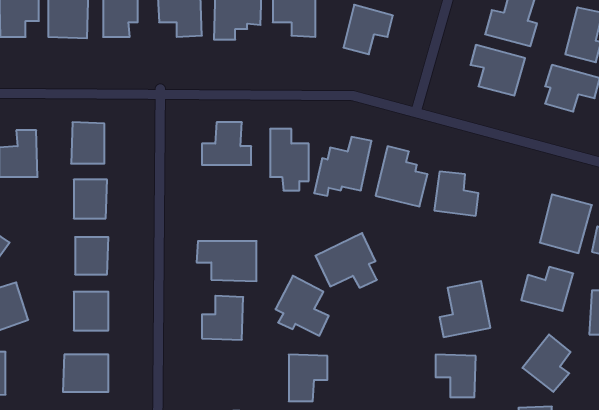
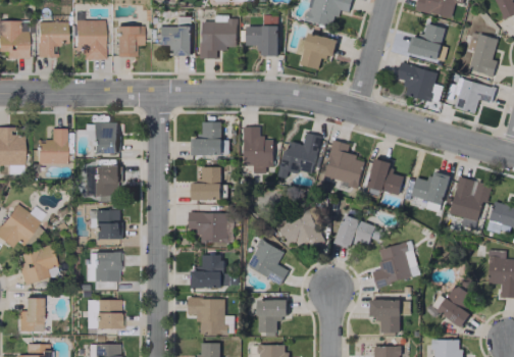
building: none -> [191,167,222,201]
building: none -> [335,215,382,250]
building: [521,267,573,311] -> [411,171,451,205]
building: none -> [188,298,226,336]

